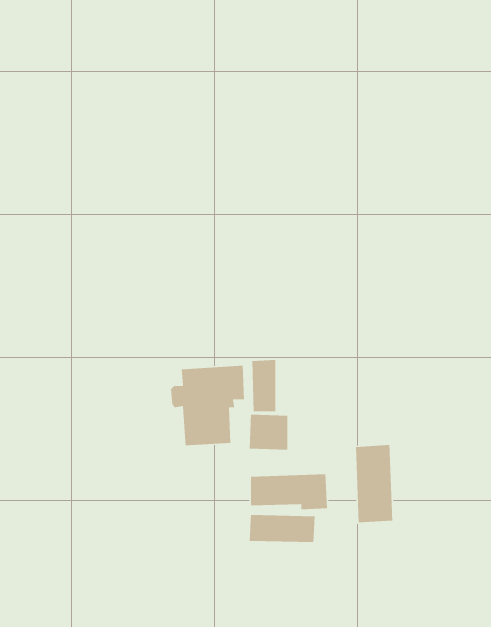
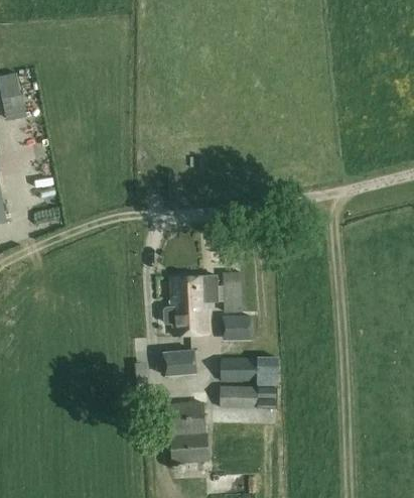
building: [355,444,393,523] -> none
building: none -> [164,351,196,376]
building: none -> [168,393,208,463]

